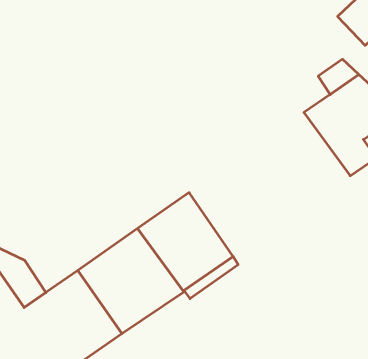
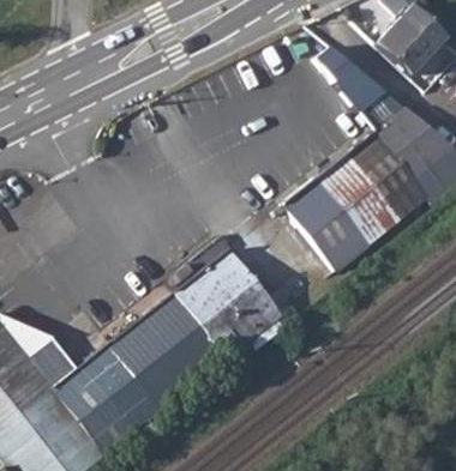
building: none -> [314,48,384,113]
building: none -> [281,153,401,271]

